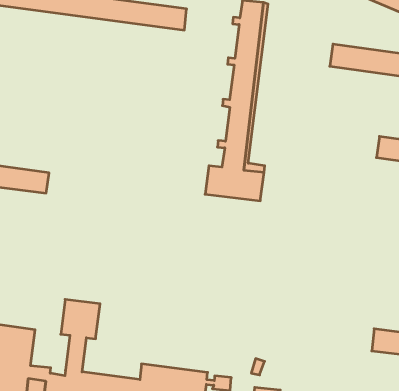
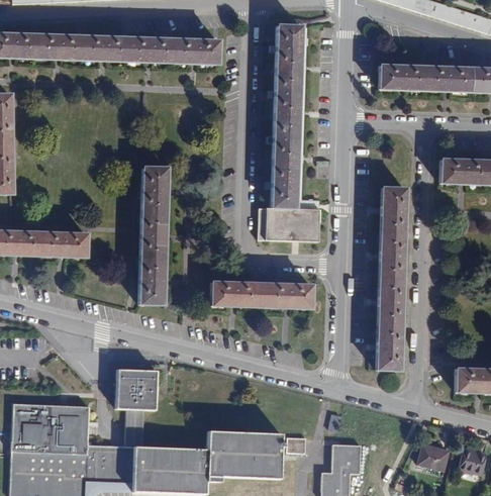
building: none -> [140,167,167,305]
building: none -> [377,188,405,370]
building: none -> [211,282,311,307]

